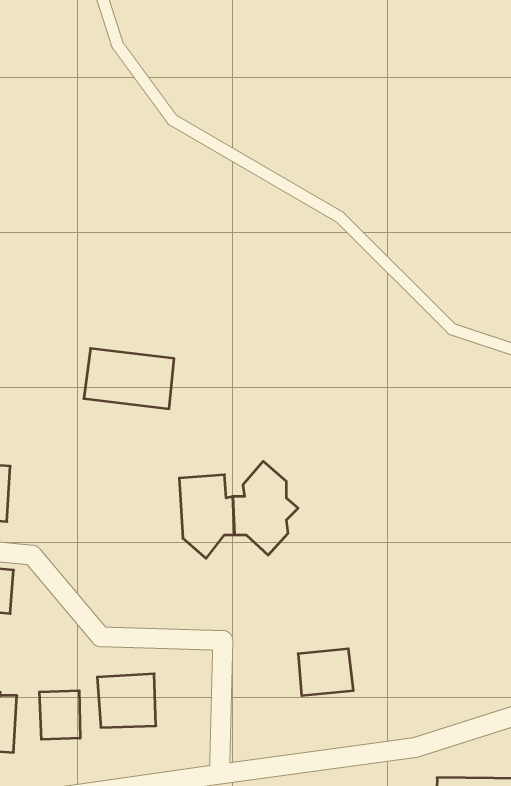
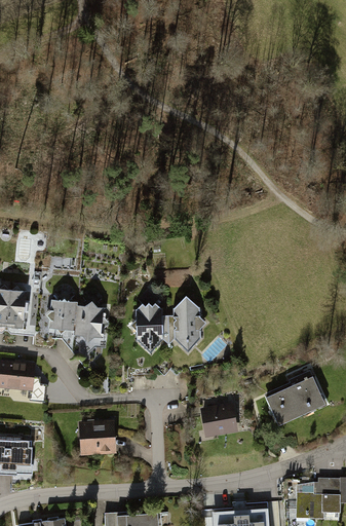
building: [84,348,174,409] -> [49,301,105,338]
building: none -> [265,379,323,427]
building: [39,691,80,739] -> none

